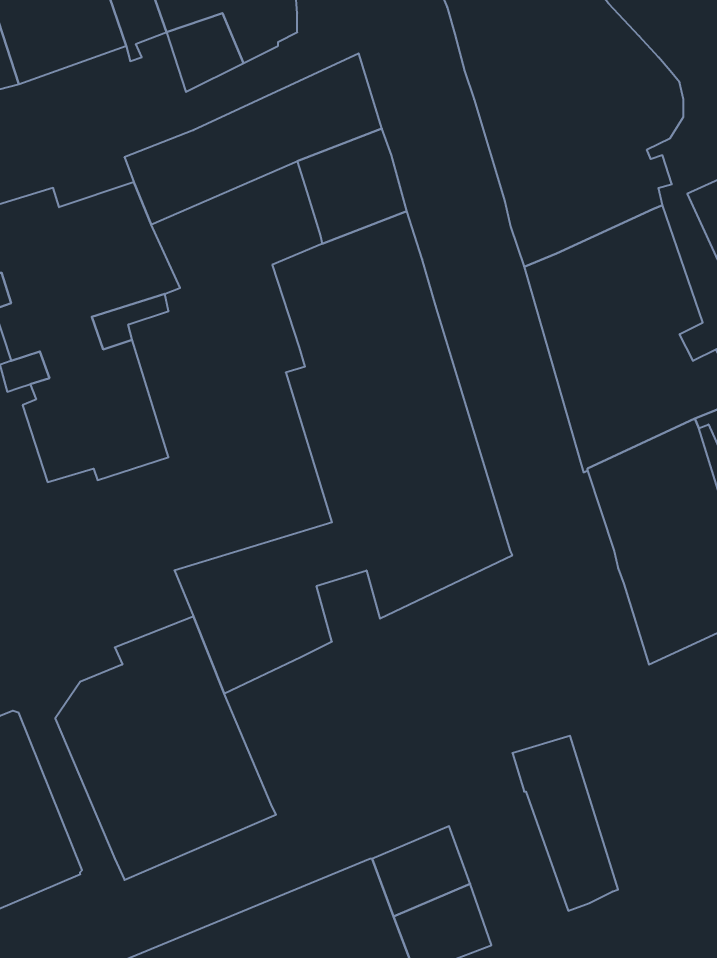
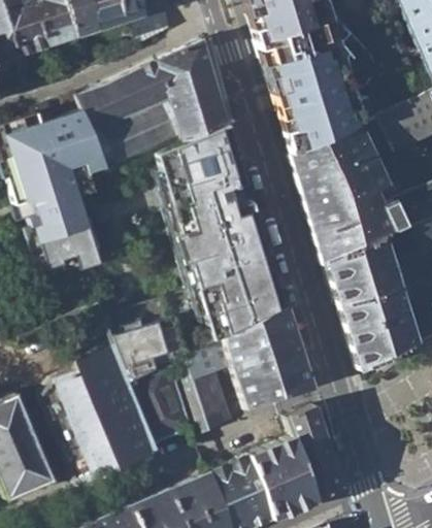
building: none -> [92,97,182,170]
building: none -> [180,305,314,433]
building: none -> [131,363,193,443]
building: none -> [252,435,315,518]

